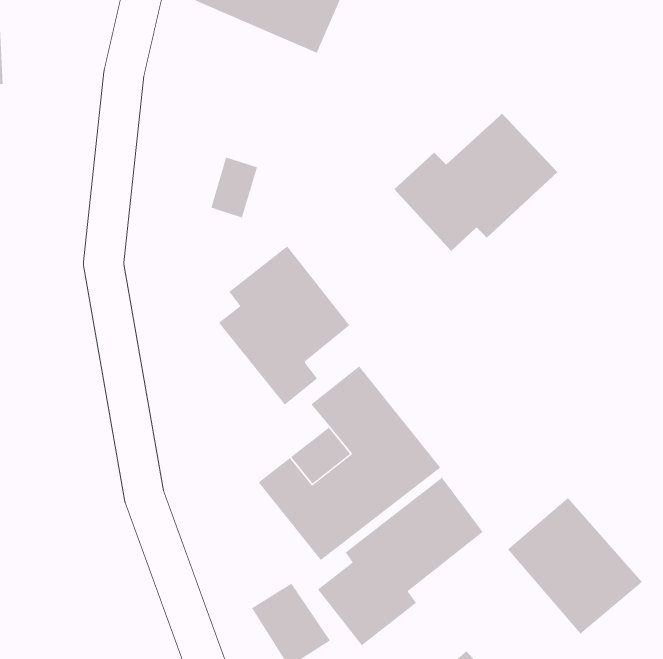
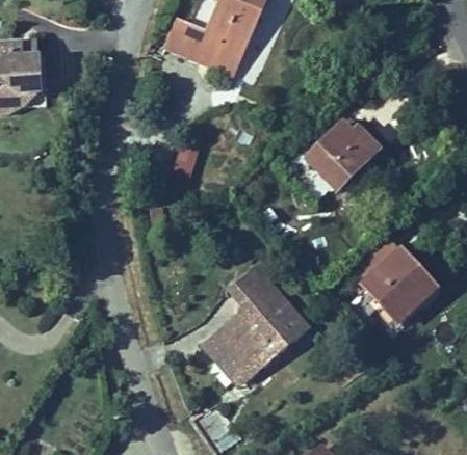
building: [218,245,350,406] -> none
building: [317,477,484,646] -> none
building: [507,497,643,634] -> [351,237,434,321]

